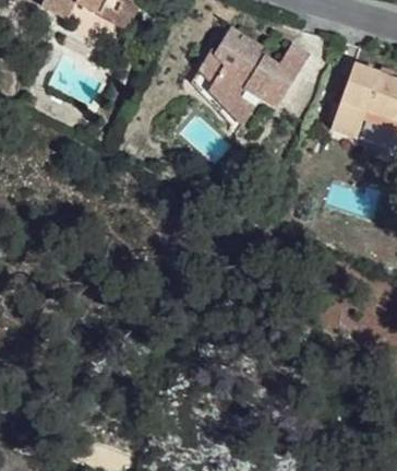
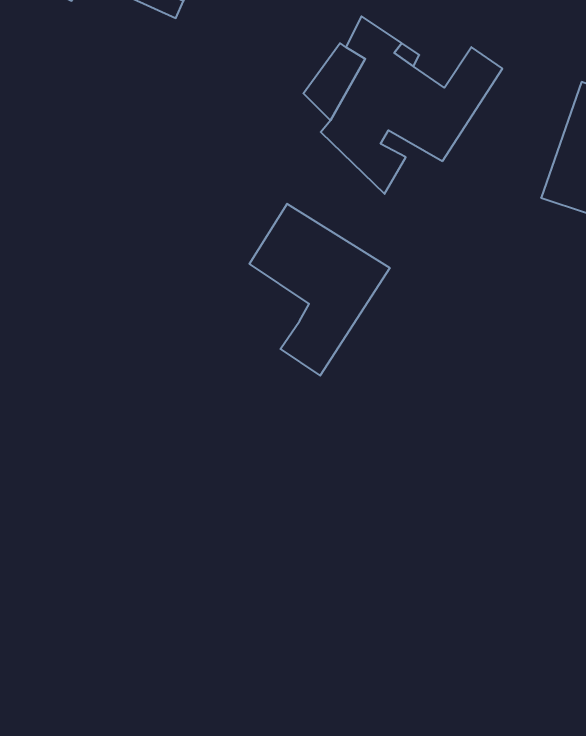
building: none -> [249,204,390,376]

